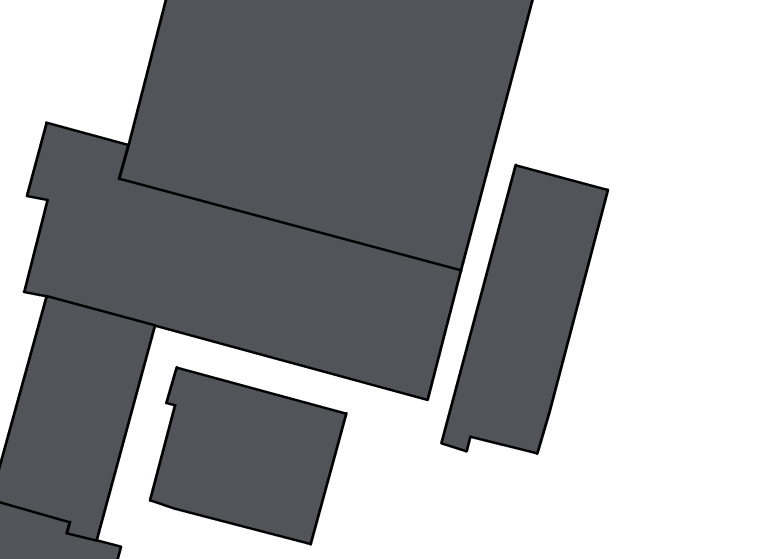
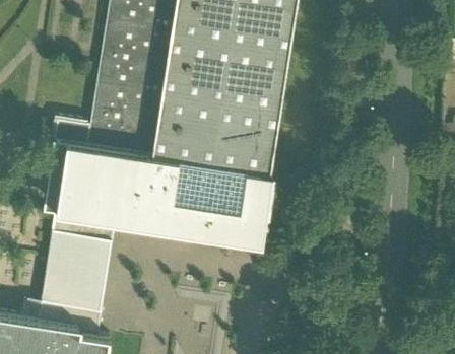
building: [442,165,608,454] -> none
building: [150,367,346,544] -> none

